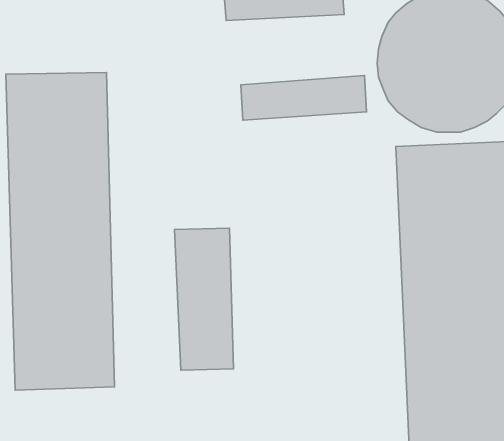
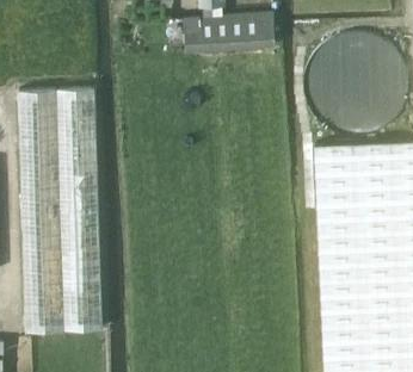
building: [241,75,367,120] -> none
building: [175,228,234,370] -> none

